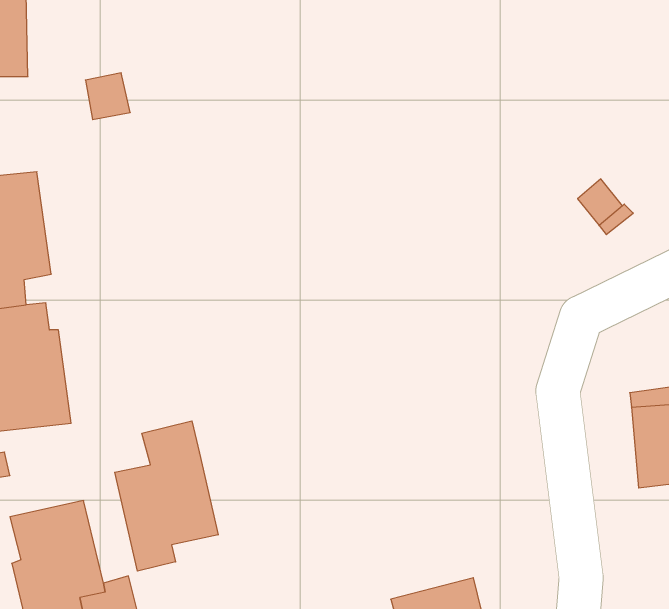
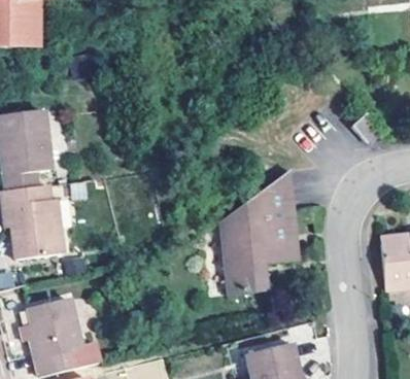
building: none -> [225,174,296,290]
building: [115,421,218,571] -> none

